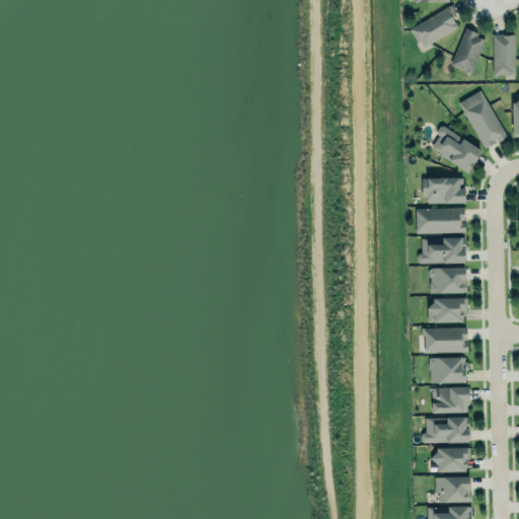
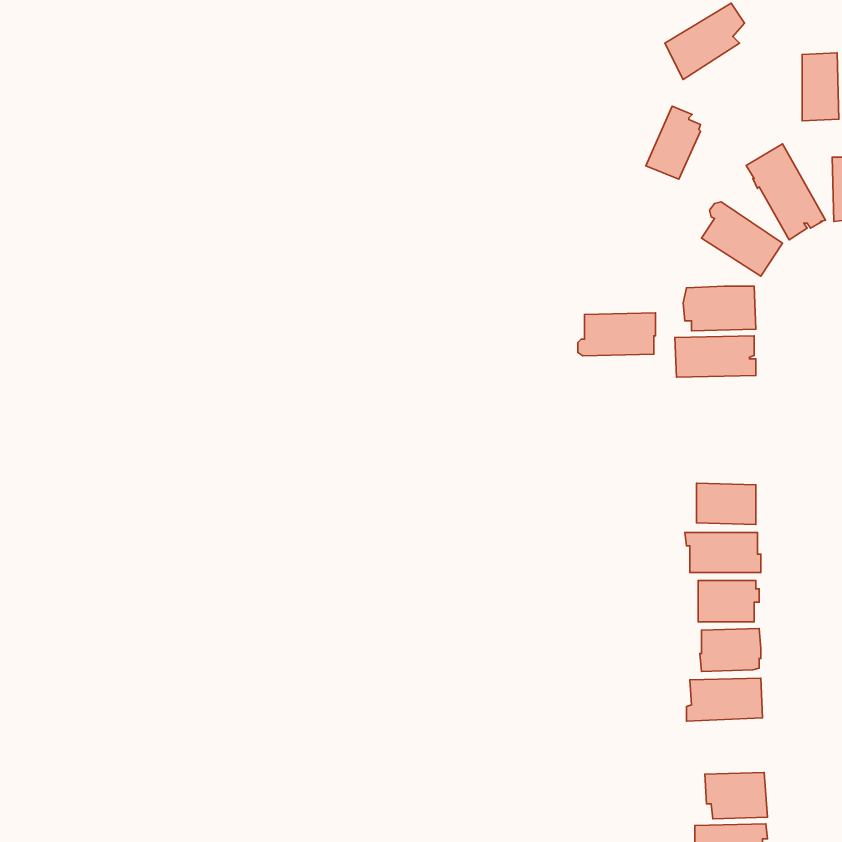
building: [451,28,485,73] -> [646,106,700,179]
building: [418,237,465,264] -> [578,313,656,356]
building: [429,268,466,294] -> none
building: [430,448,470,472] -> none

